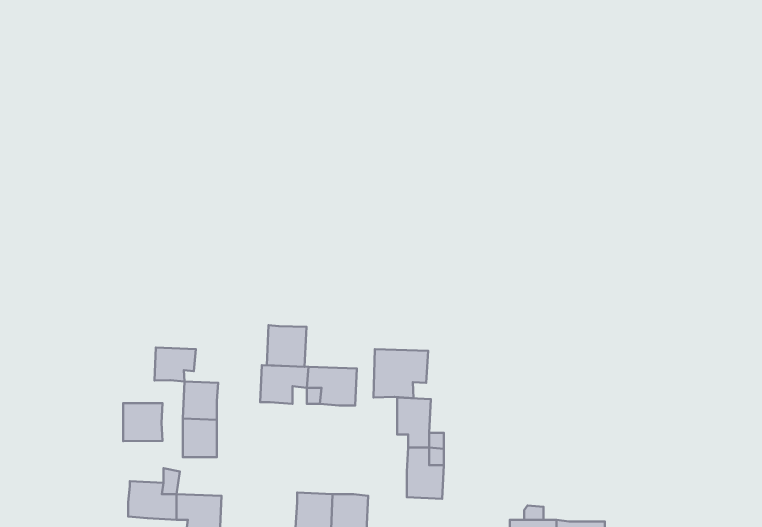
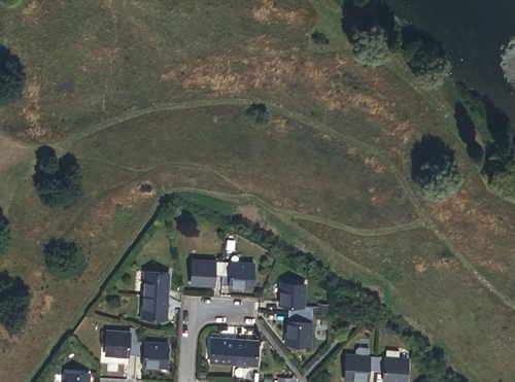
building: [267,325,306,367] -> none
building: [155,347,196,381] -> none
building: [374,349,428,398] -> none
building: [123,403,162,441] -> none

